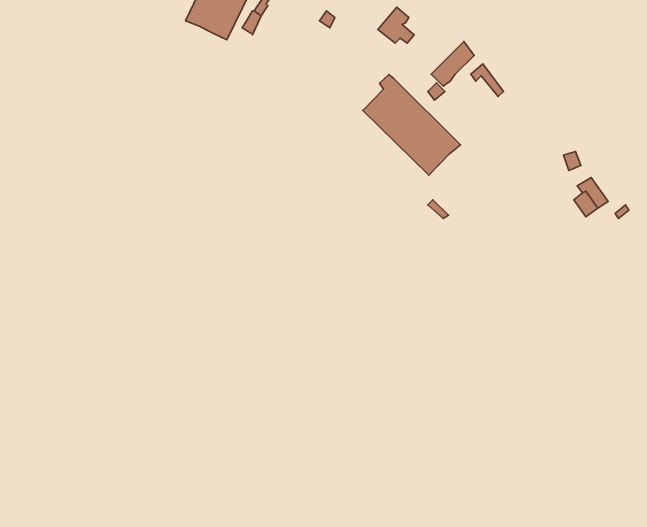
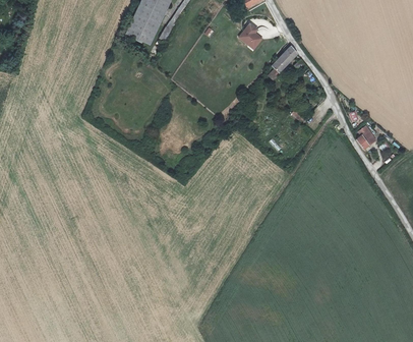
building: [363,74,460,175] -> none

